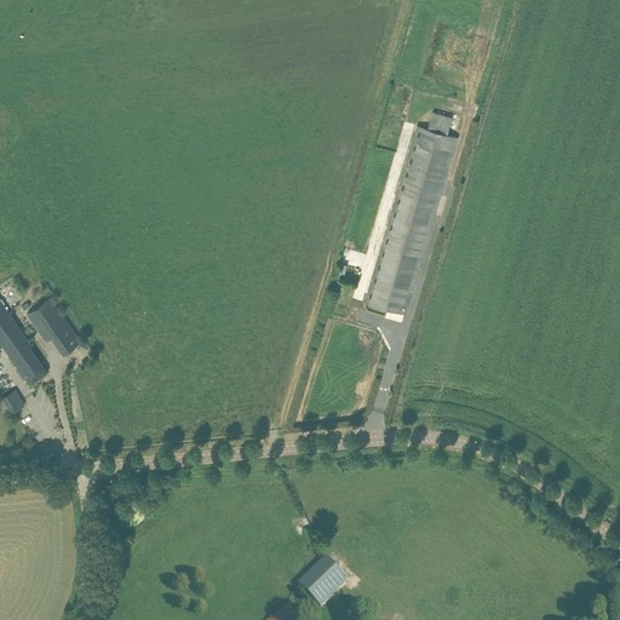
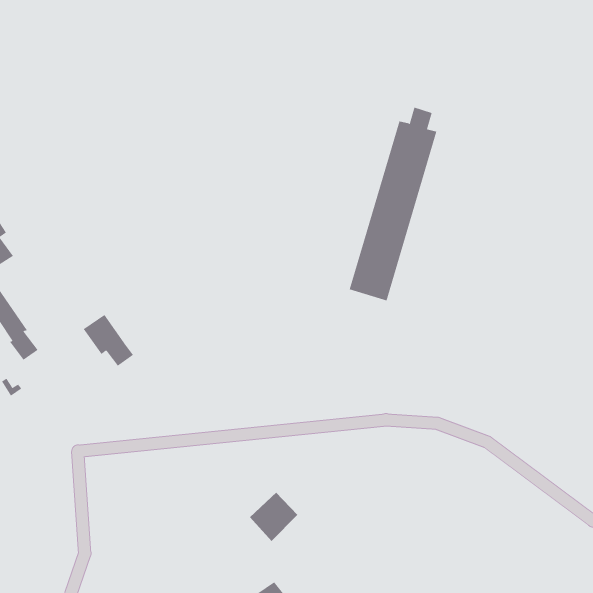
building: [25,299,79,354] -> [83,314,134,366]
building: [297,558,348,610] -> [249,492,298,542]

